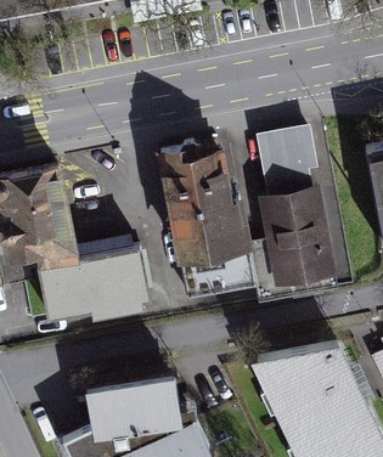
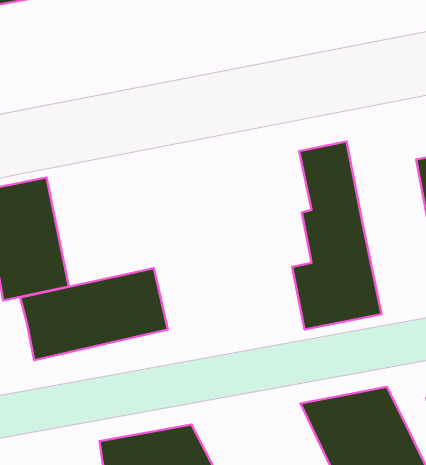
building: [158,141,253,304] -> none

